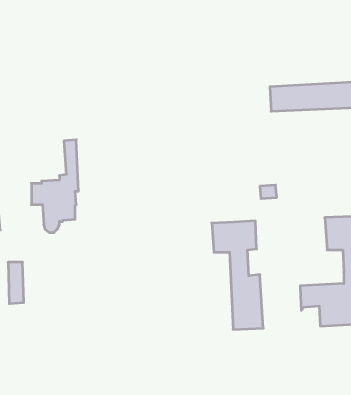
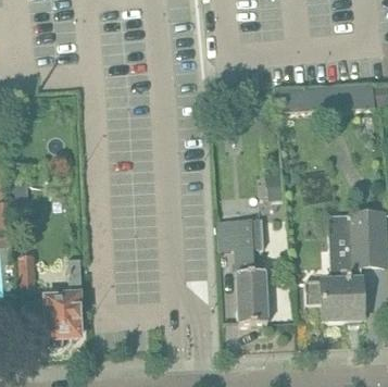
building: [31,140,78,233] -> [36,257,82,347]

